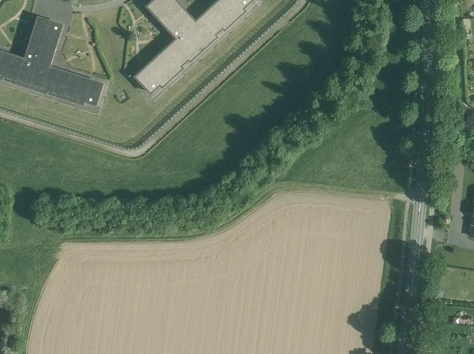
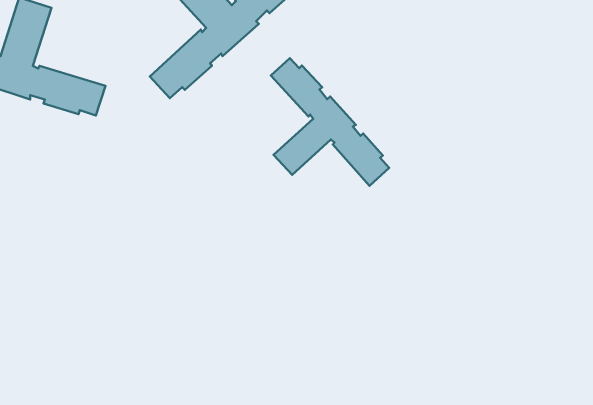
building: none -> [271,58,389,186]

